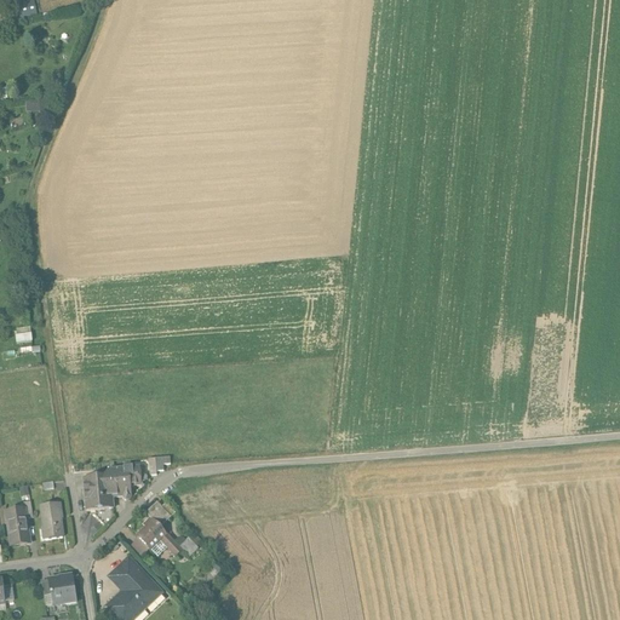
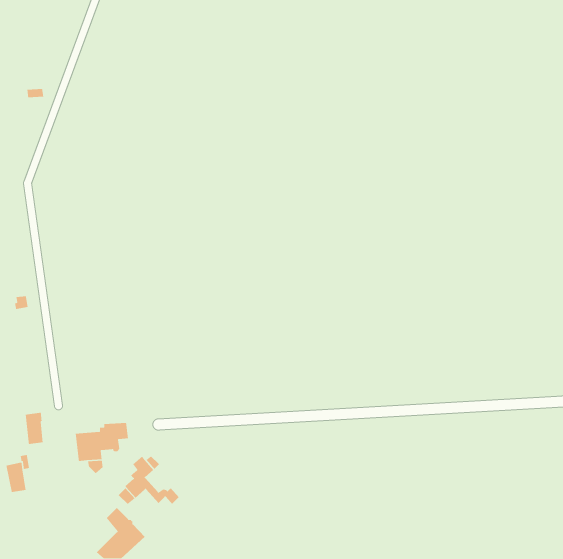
building: [41,500,62,536] -> [25,412,44,445]
building: [48,573,76,601] -> none

